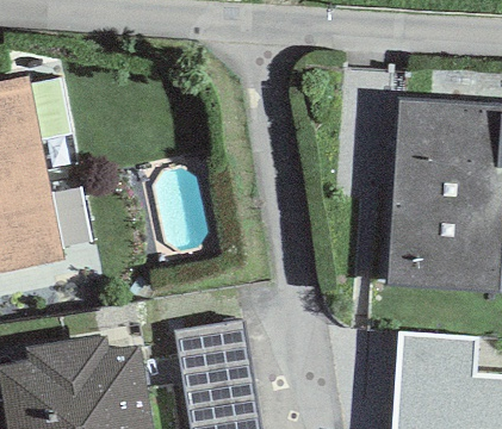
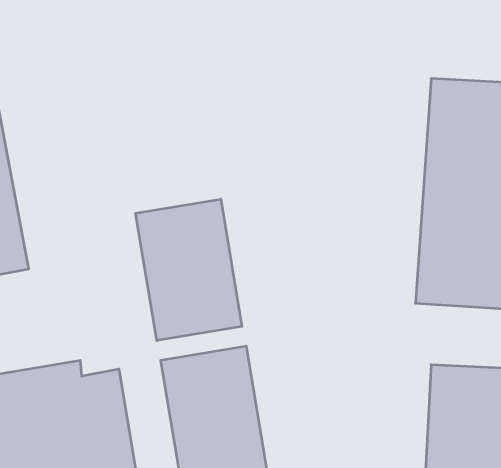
building: none -> [136,199,242,341]

